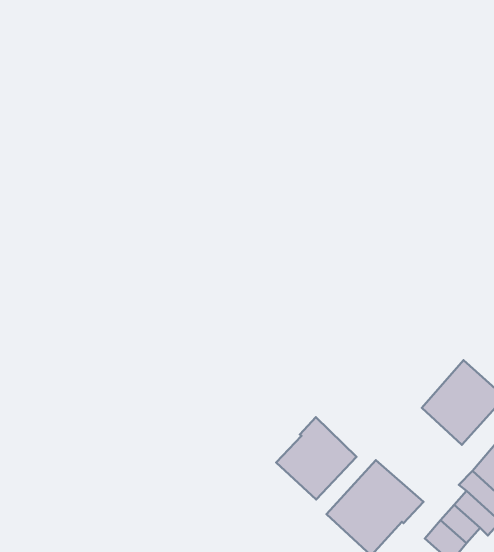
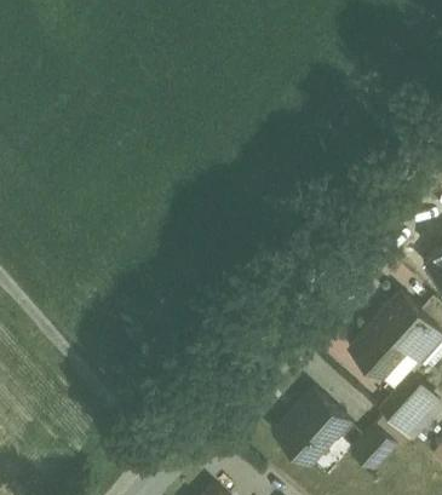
building: [276,417,356,499] -> none

